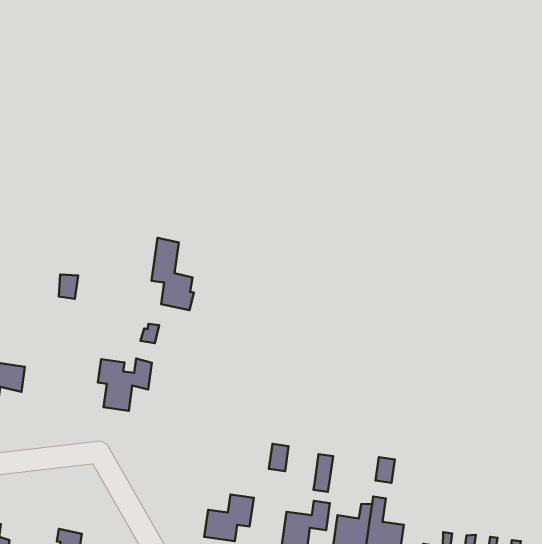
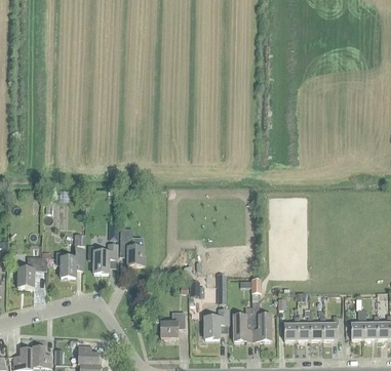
building: [152,238,194,310] -> [120,228,145,265]
building: none -> [56,248,84,278]

